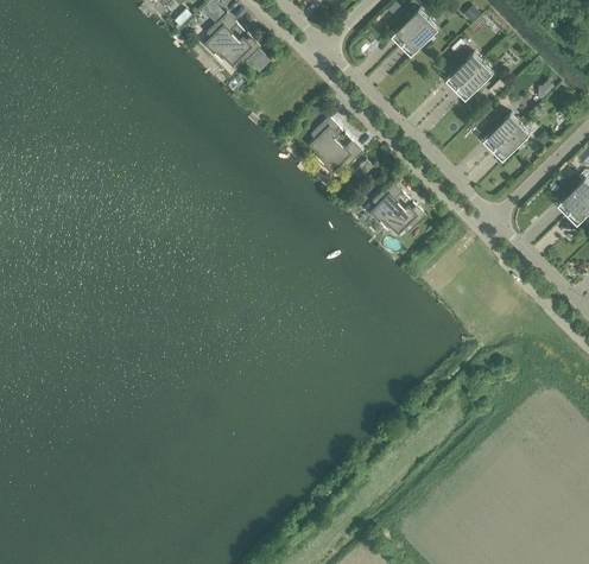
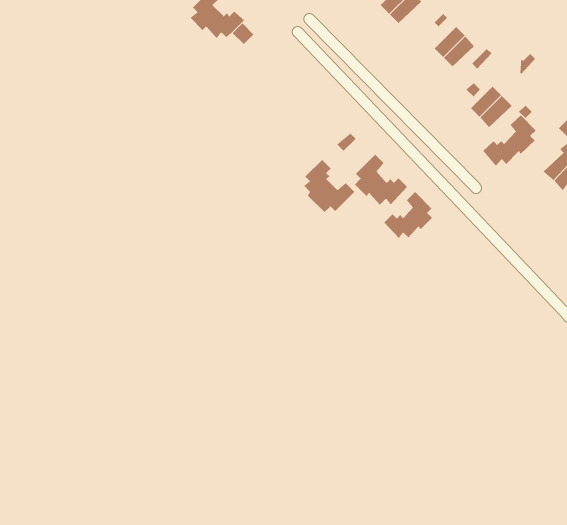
building: [310,119,362,173] -> [303,159,355,213]
building: none -> [483,114,536,166]
building: none -> [384,191,433,239]

